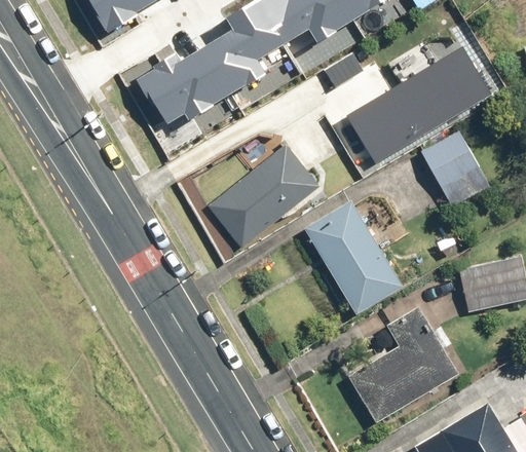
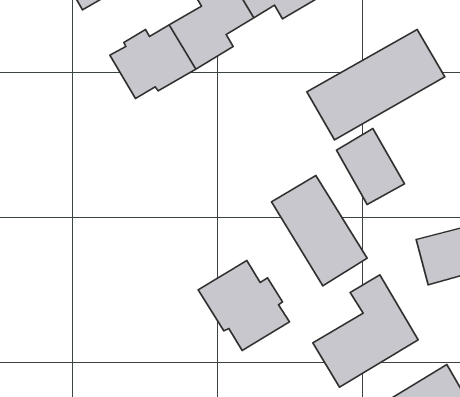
building: [421,129,492,209] -> [337,129,404,204]
building: [210,147,322,251] -> none
building: none -> [198,260,289,351]

